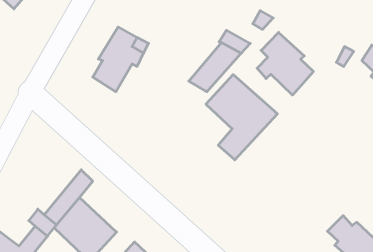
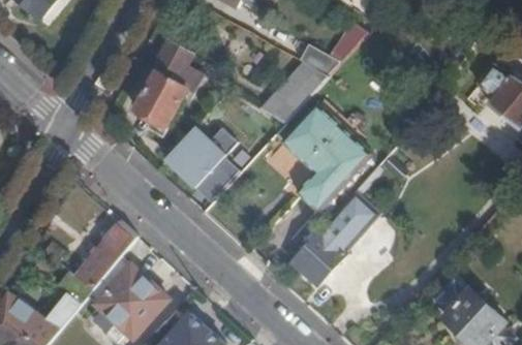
building: [257,32,313,95] -> none
building: none -> [168,122,245,197]
building: none -> [291,193,378,286]

